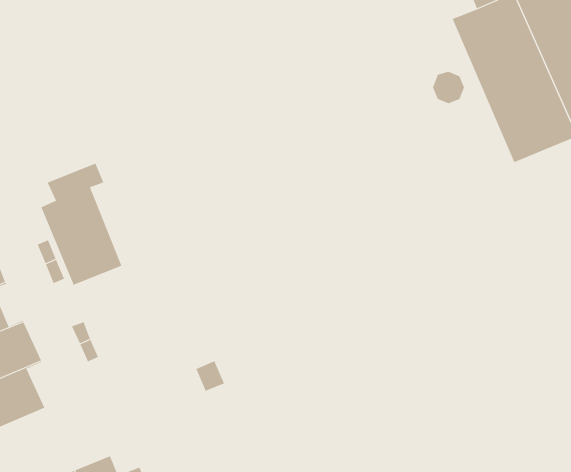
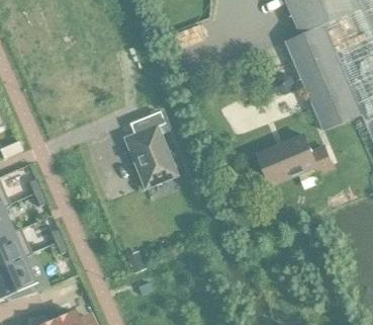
building: [40,163,122,285] -> [124,111,175,187]
building: none -> [258,135,334,186]

